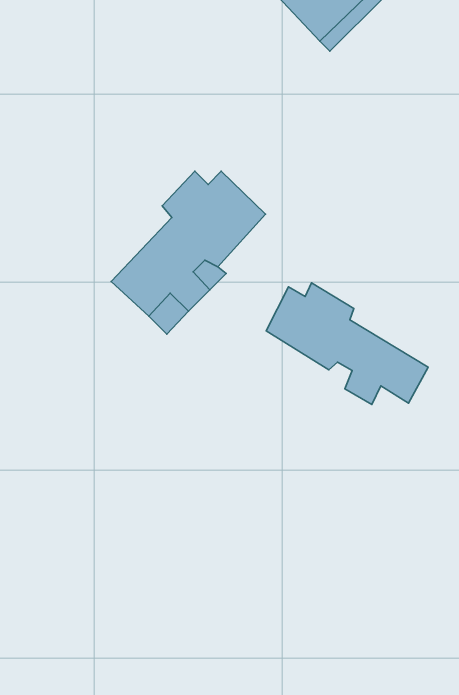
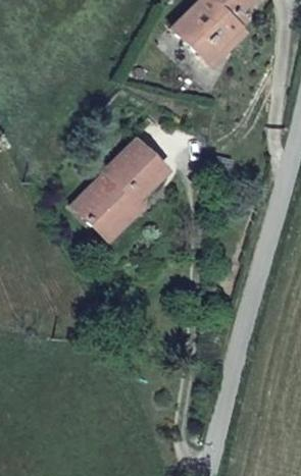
building: [266,283,428,404] -> none

